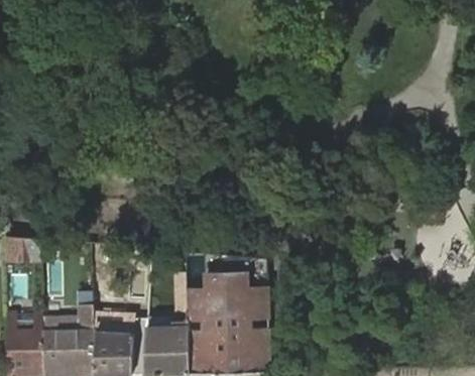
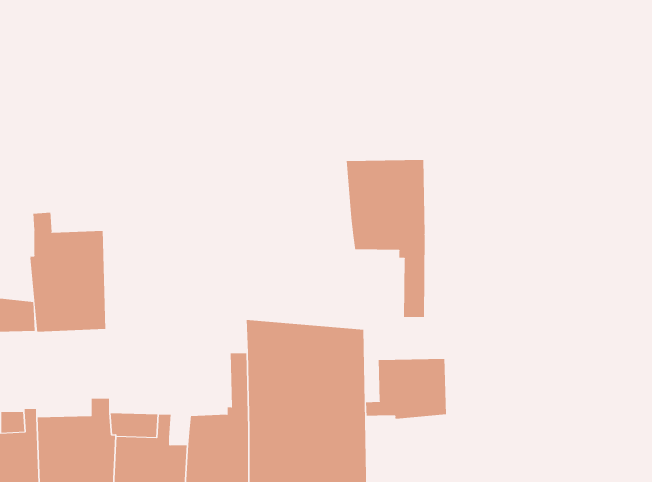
building: none -> [346,159,425,318]
building: none -> [30,212,106,333]
building: none -> [365,358,446,420]

